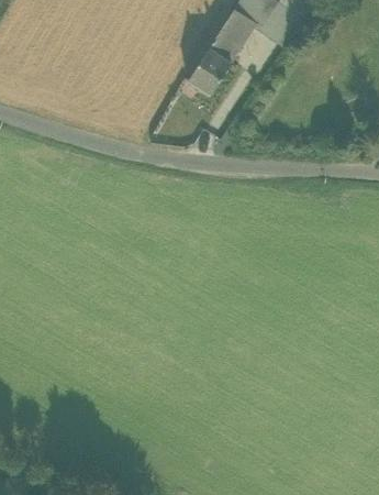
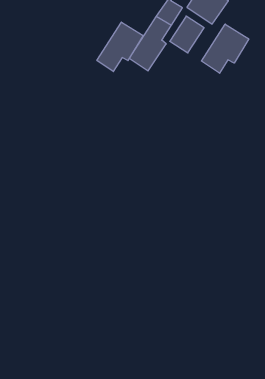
building: none -> [97,22,143,72]
building: none -> [201,24,249,73]

